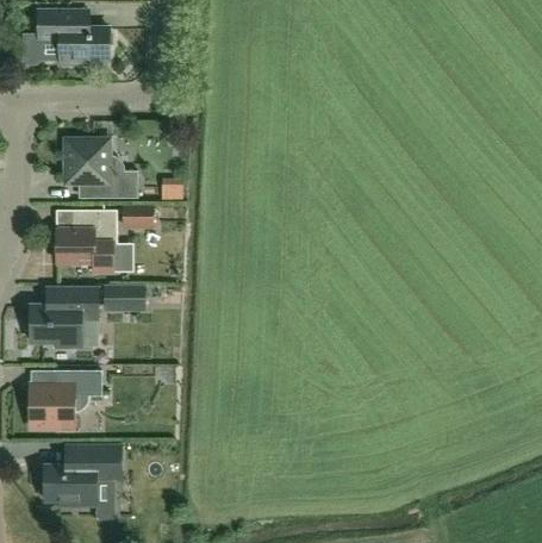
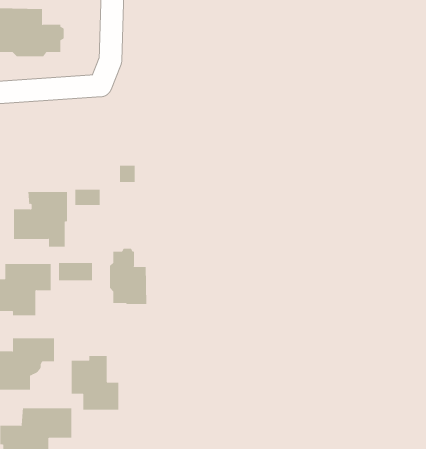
building: [66,138,137,198] -> none
building: none -> [109,248,147,305]
building: none -> [71,355,119,411]

